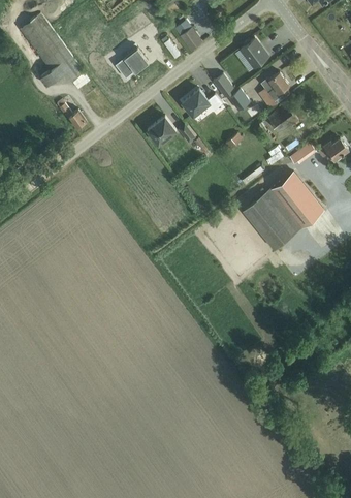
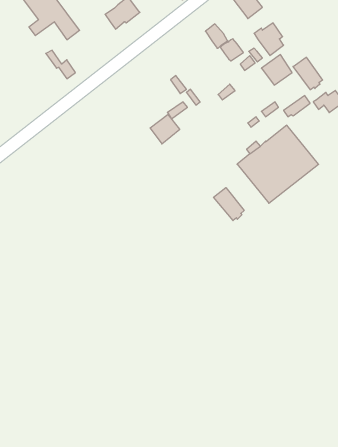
building: [182,89,222,116] -> none
building: none -> [293,57,323,90]
building: [147,116,176,145] -> [150,114,180,144]
building: none -> [214,188,244,221]

